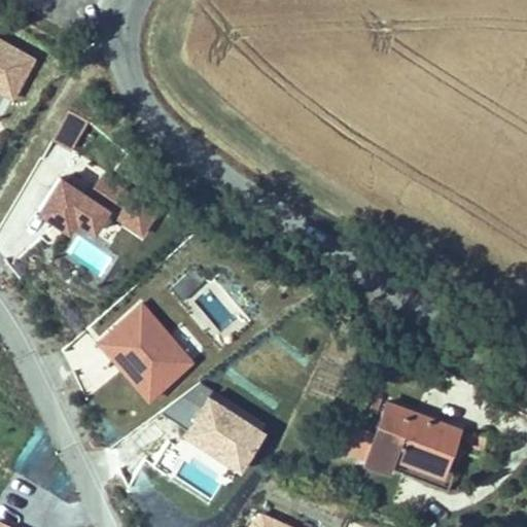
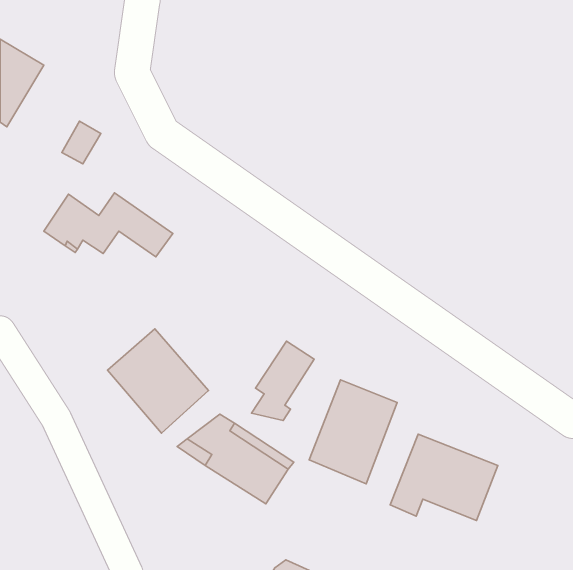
building: none -> [252,341,314,420]
building: none -> [309,380,397,484]

